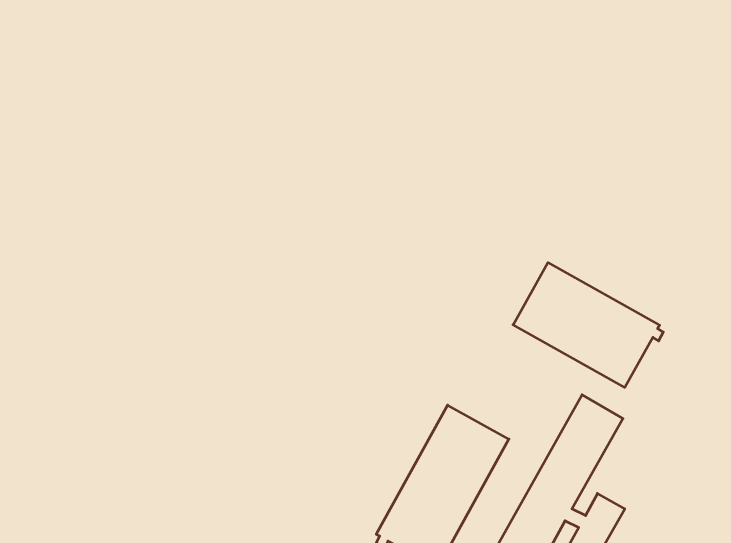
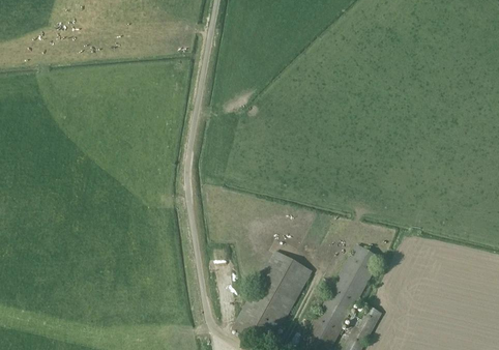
building: [513,263,663,387] -> none

